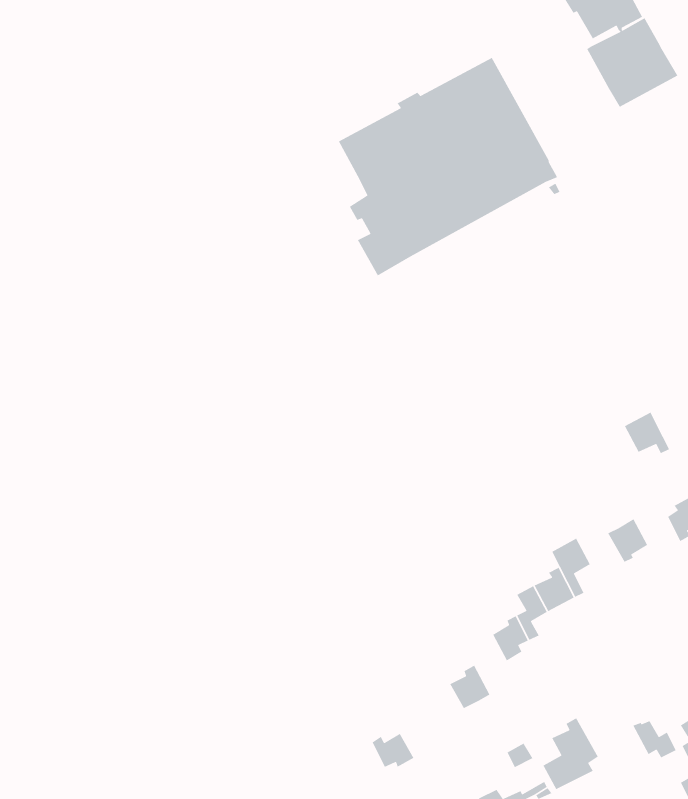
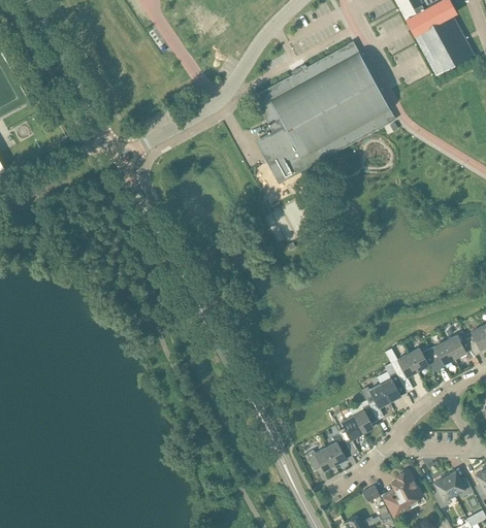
building: [624,411,670,454] -> [445,331,475,359]
building: none -> [408,348,439,372]
building: none -> [339,416,362,455]
building: none -> [433,474,454,508]
building: [372,733,415,768] -> [306,448,334,470]

